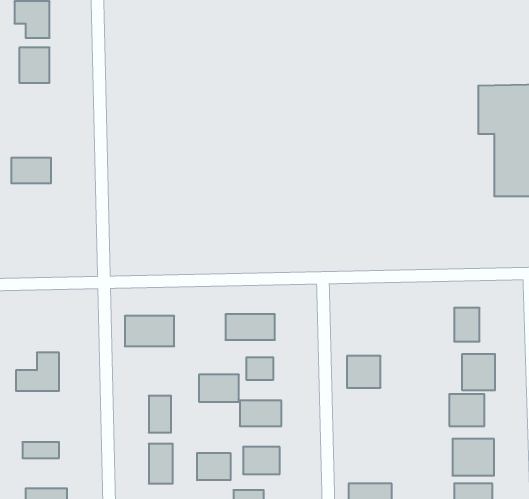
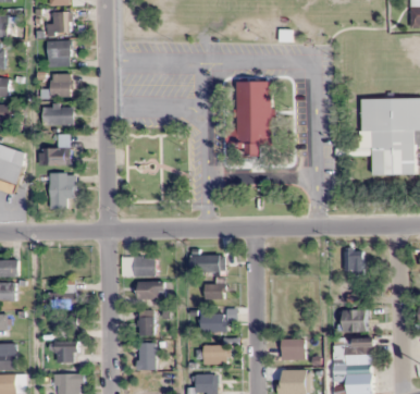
building: none -> [238,82,272,148]
building: none -> [45,108,75,124]
building: none -> [50,174,76,209]
building: [462,354,495,390] -> none
building: [347,356,381,388] -> [282,338,305,360]
building: [199,375,239,402] -> [137,282,164,300]
building: [197,453,230,480] -> none

